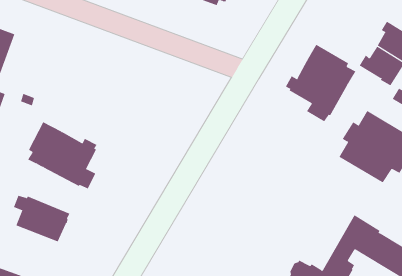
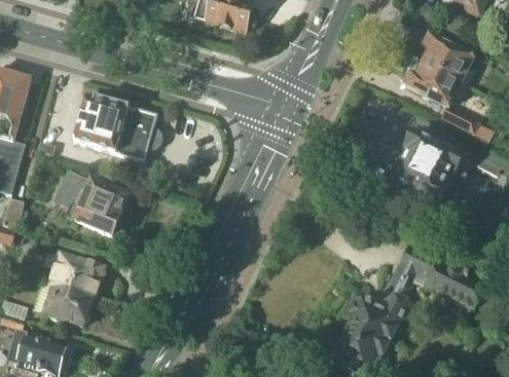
building: [285,44,356,122] -> none
building: none -> [76,97,162,161]
building: none -> [41,284,95,325]

